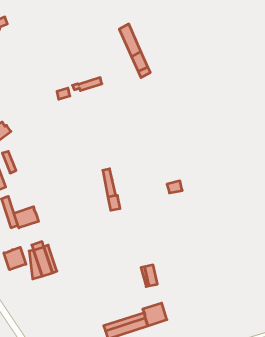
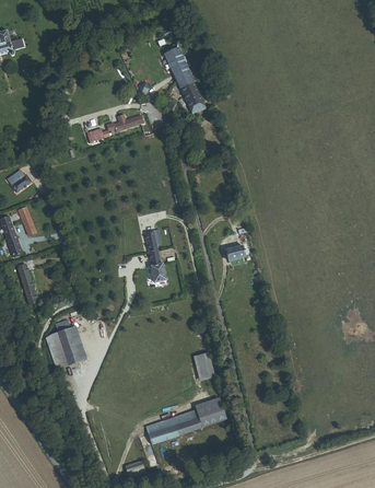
building: [14,207,39,228] -> none
building: [4,247,26,270] -> none

